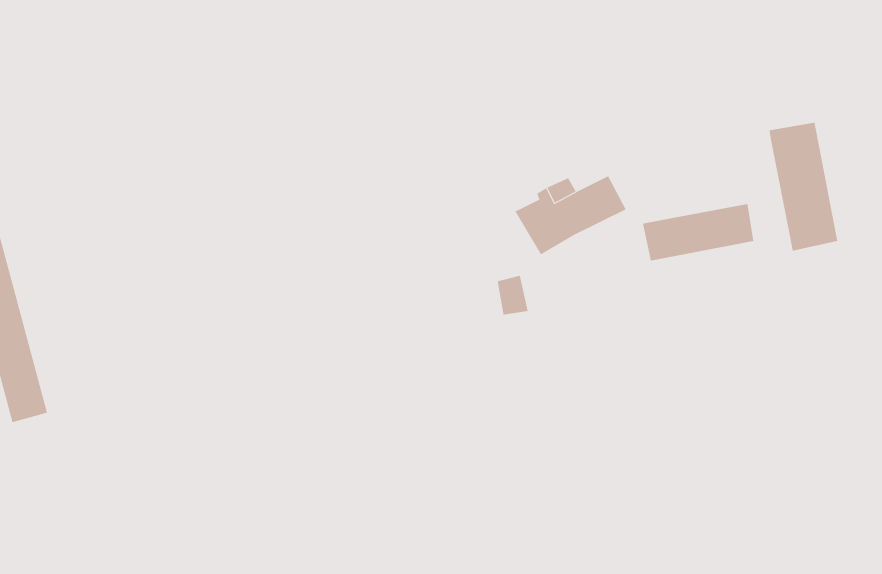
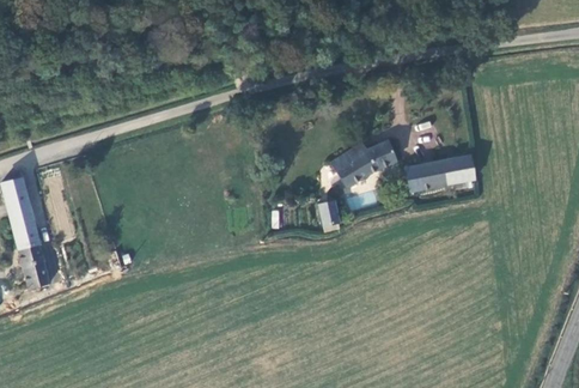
building: [769,122,838,252] -> none

